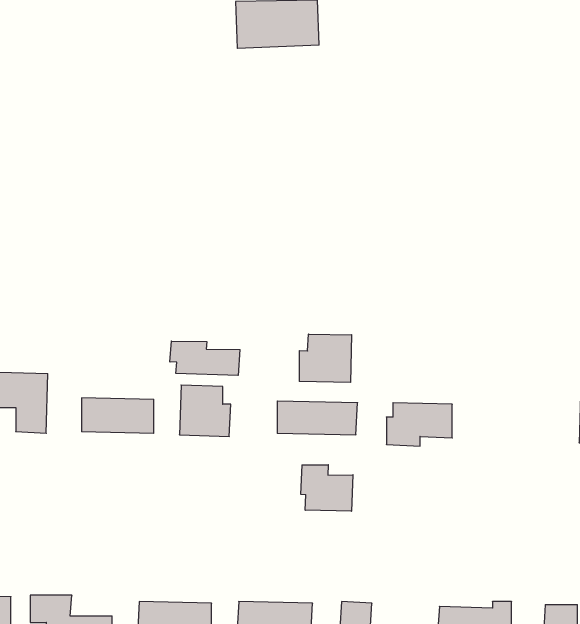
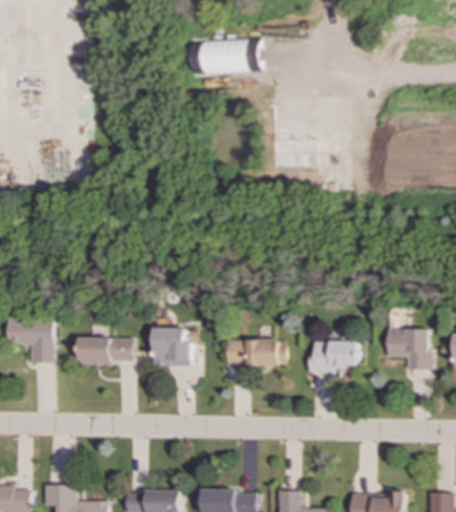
building: [299,334,352,382] -> none
building: [170,341,240,375] -> none
building: none -> [387,329,431,370]
building: [301,465,353,511] -> none

